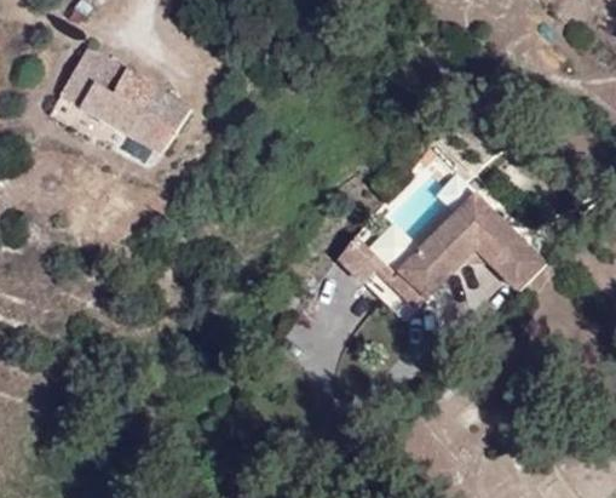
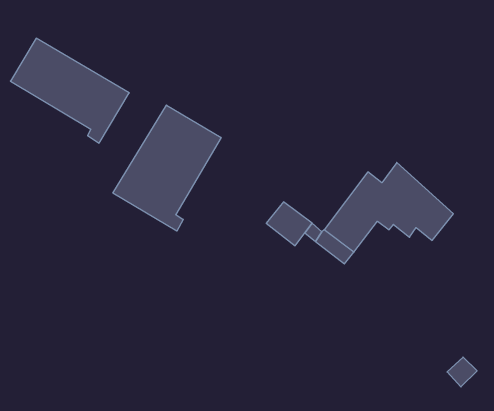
building: none -> [113,105,221,231]

